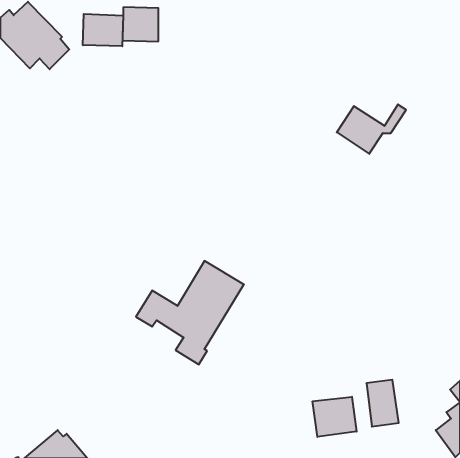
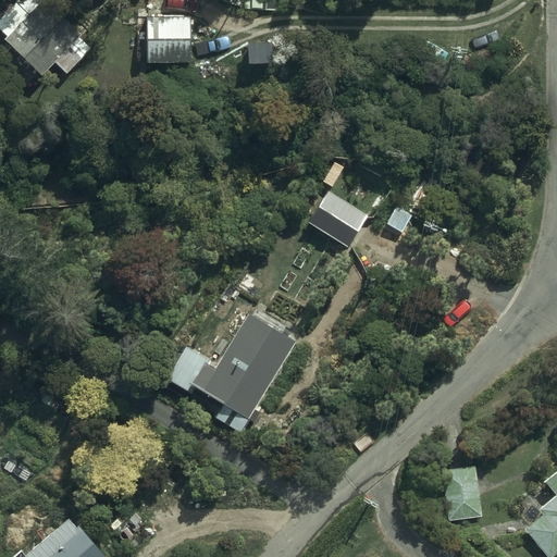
building: [83,14,123,46] -> none
building: [337,104,406,154] -> [309,190,393,250]
building: [313,397,357,437] -> none

